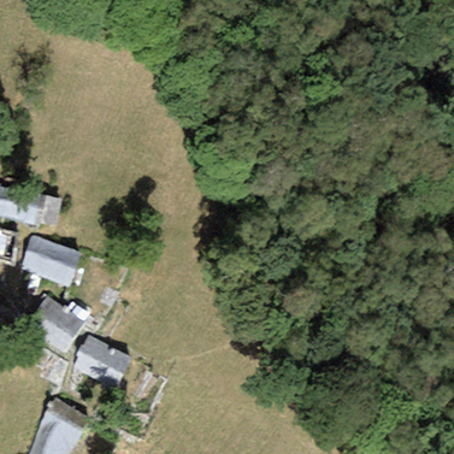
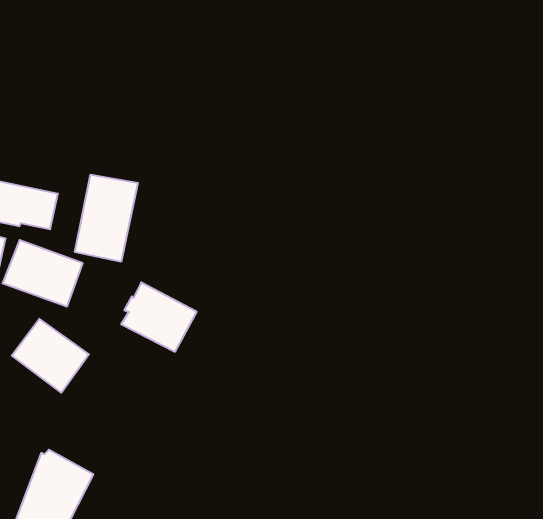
building: none -> [75,175,138,262]
building: [72,334,131,388] -> [121,282,197,352]

